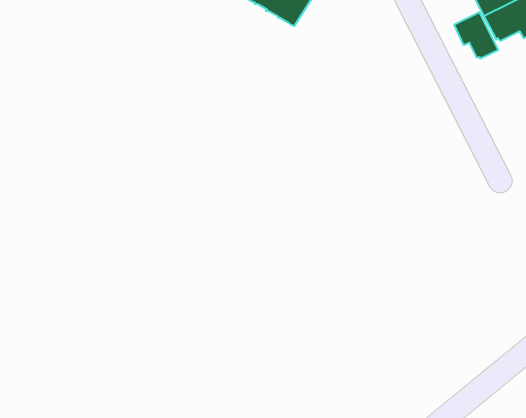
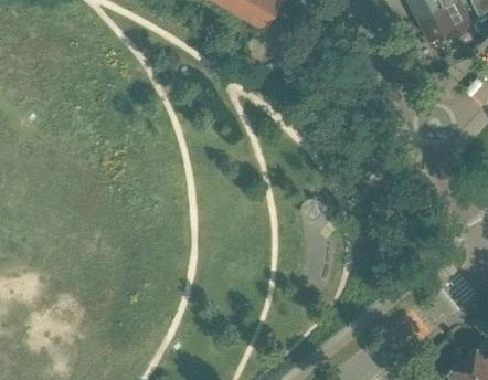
building: [454,12,498,59] -> none

